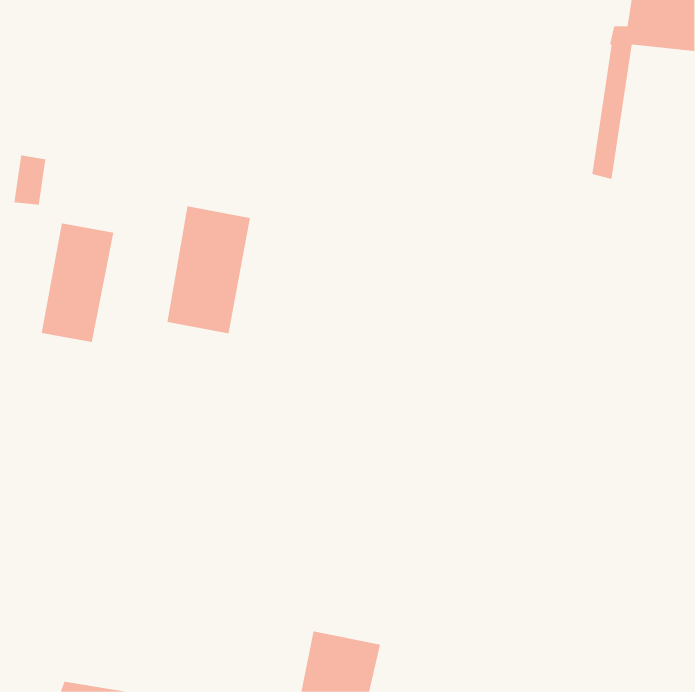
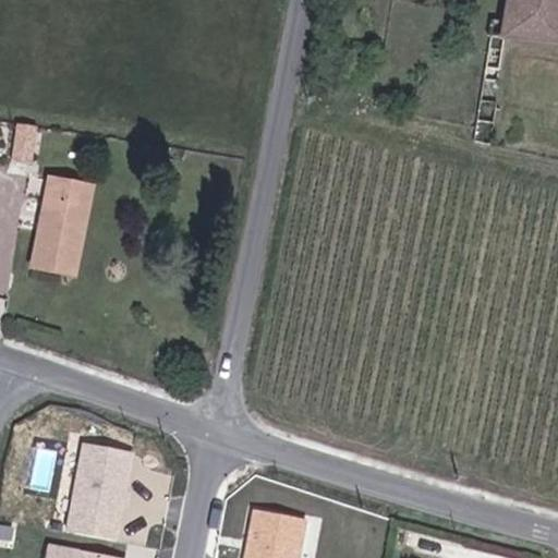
building: [167,205,251,334] -> none
building: none -> [73,444,133,539]

